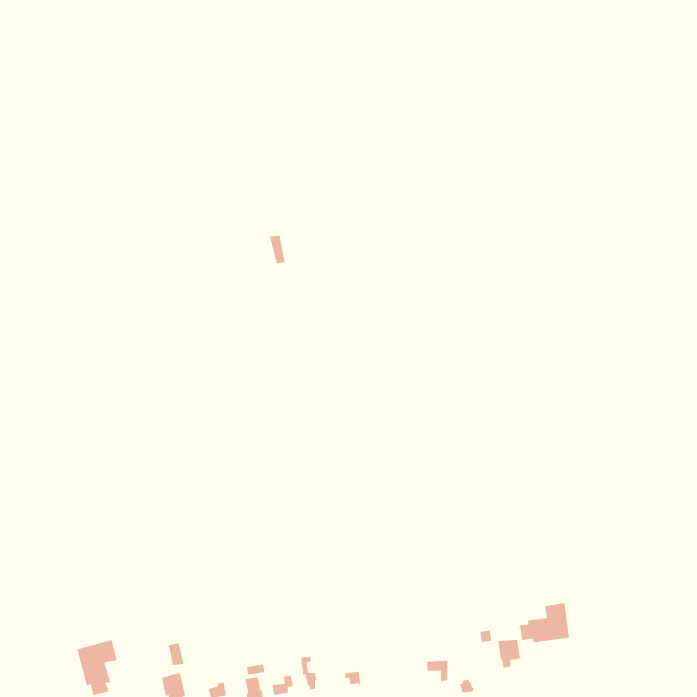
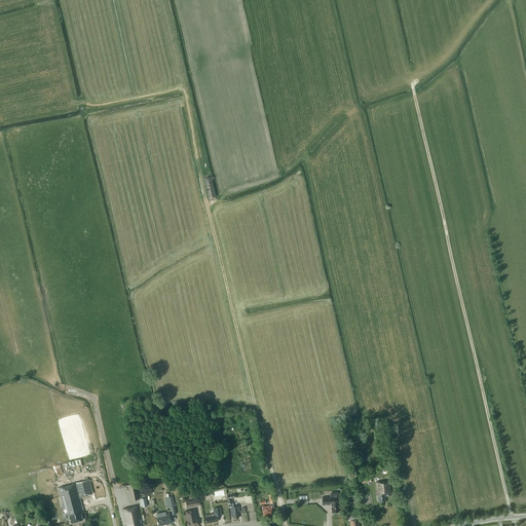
building: [519,603,569,643] -> none

